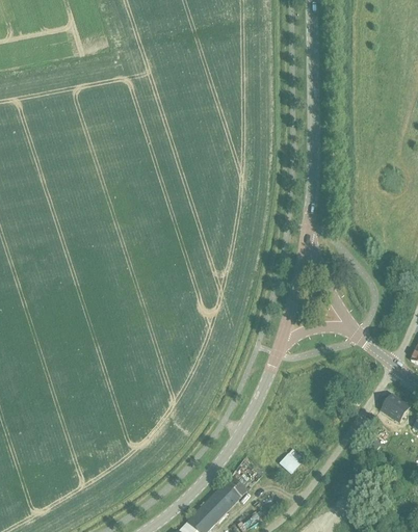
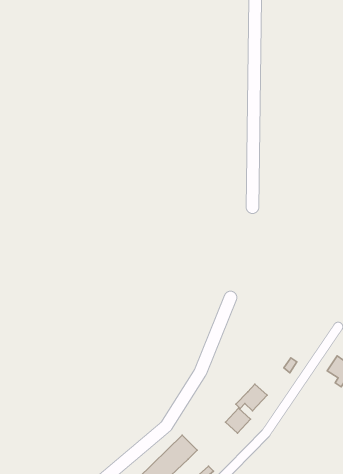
building: none -> [236,384,267,411]

